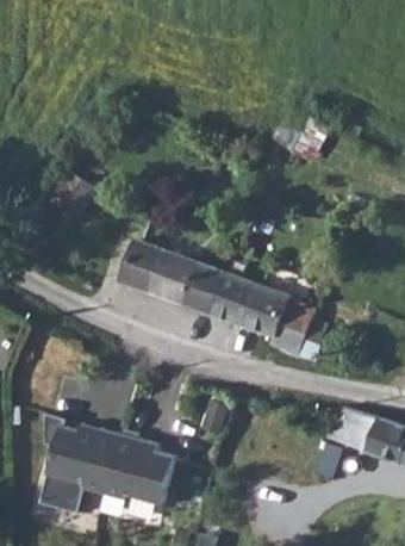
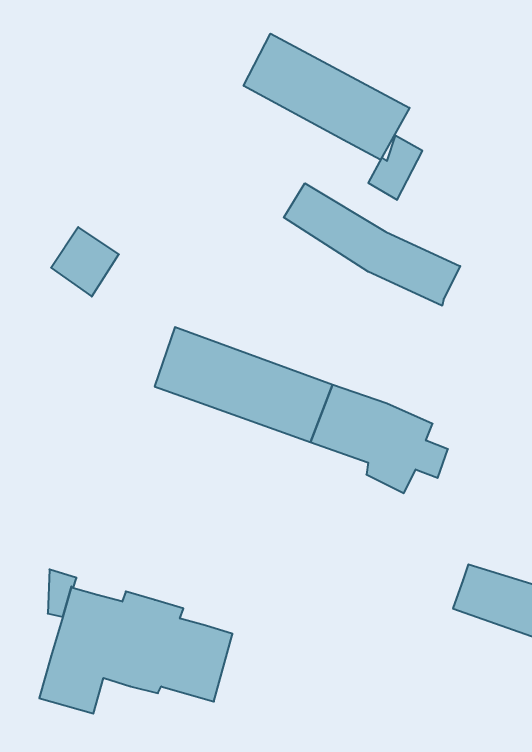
building: none -> [244,34,410,160]
building: none -> [284,183,460,306]

